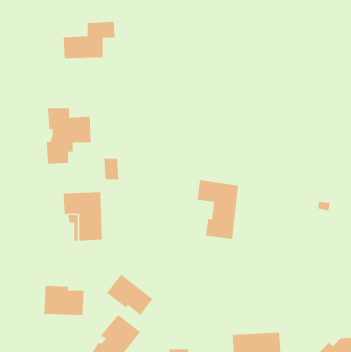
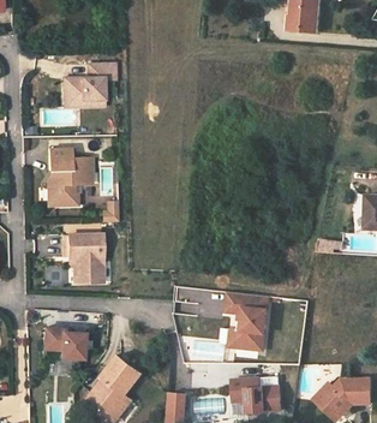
building: [197,179,239,239] -> [227,291,269,351]
building: [106,274,153,316] -> none

